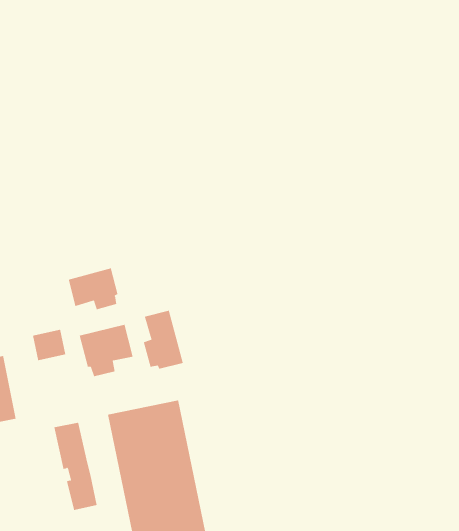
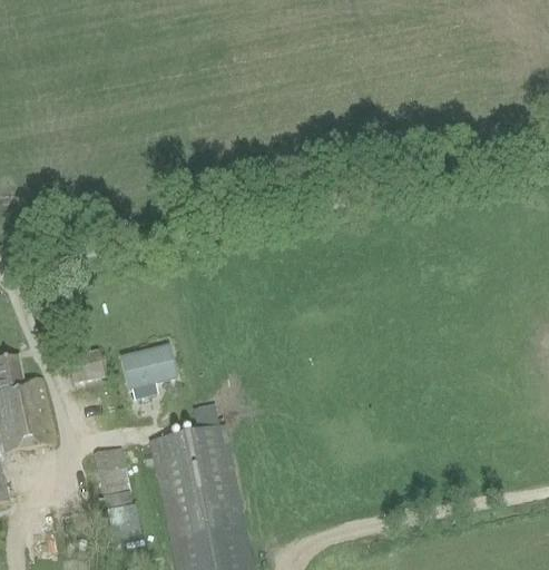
building: [68,268,118,310] -> none
building: [143,310,183,370] -> none

